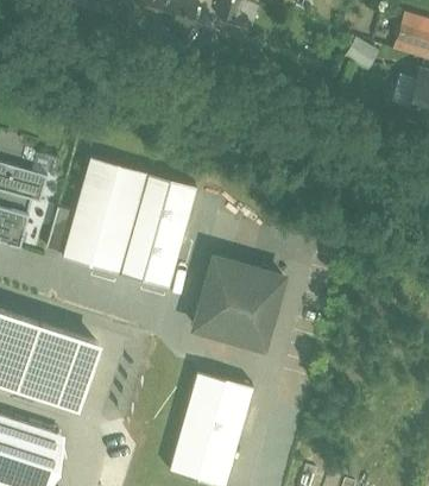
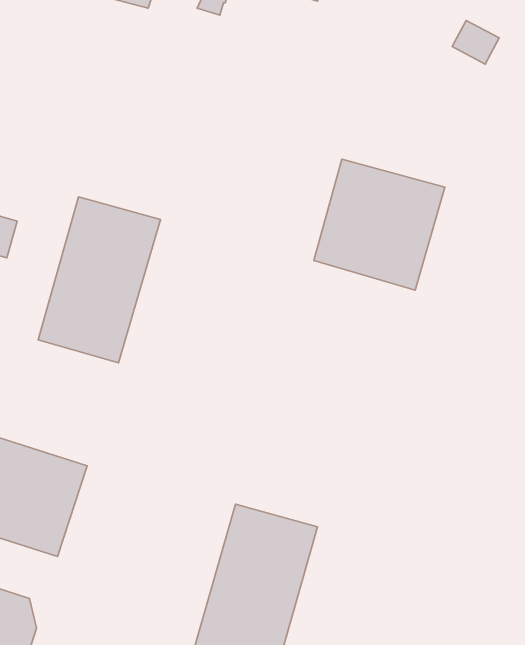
building: [116,176,194,286] -> none
building: [195,257,284,346] -> [314,159,445,290]

